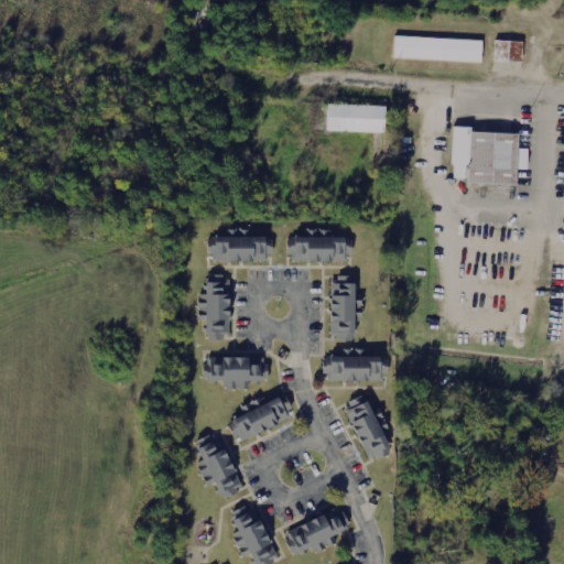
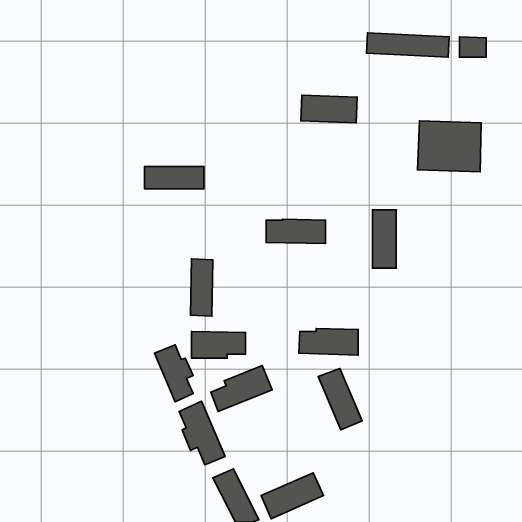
building: [207,237,271,261] -> [144,166,204,189]
building: [330,278,356,340] -> [373,210,396,268]
building: none -> [154,345,193,402]

